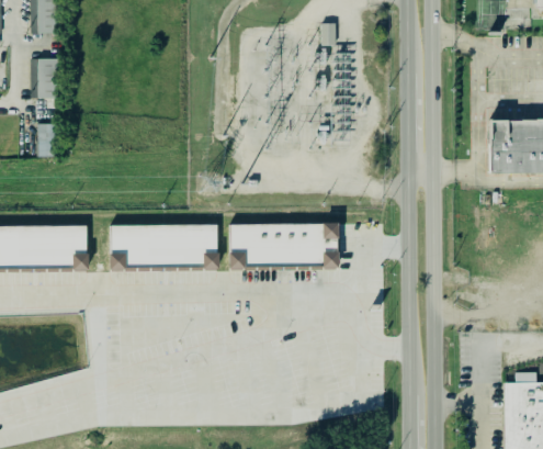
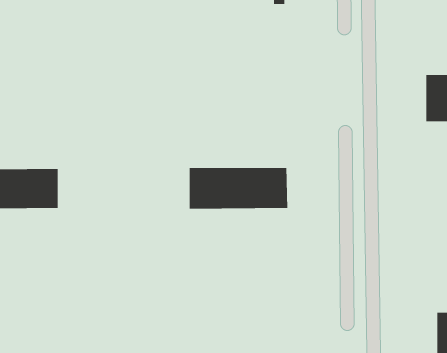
building: [33,57,54,96] -> none
building: [33,122,54,155] -> none
building: [110,224,217,270] -> none

